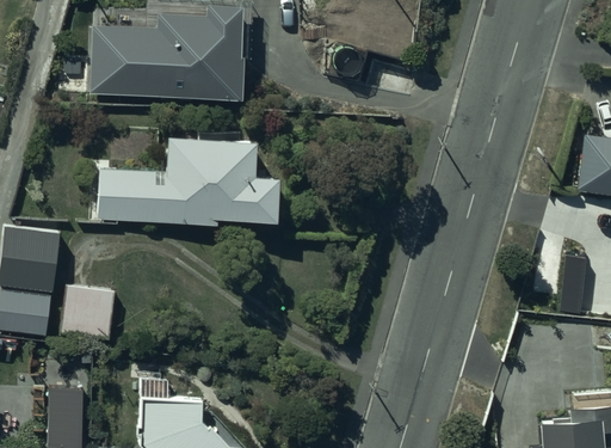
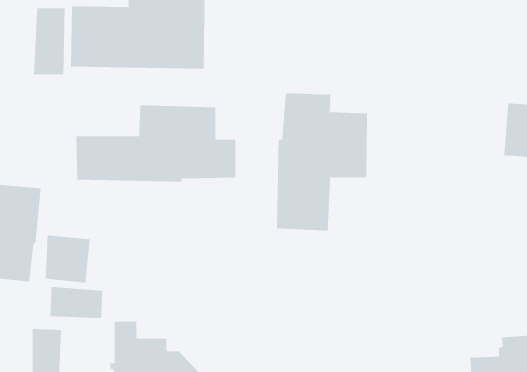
building: none -> [33,7,65,75]
building: none -> [276,93,368,232]
building: none -> [50,286,103,319]

